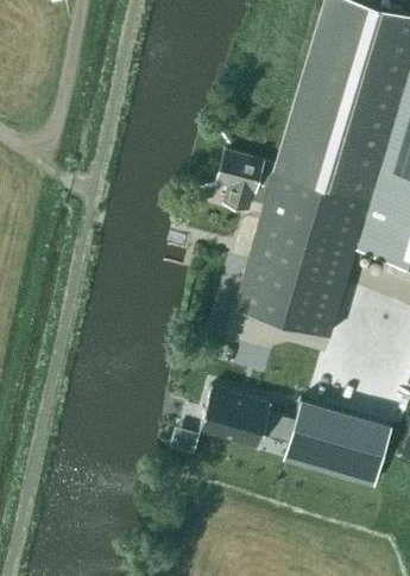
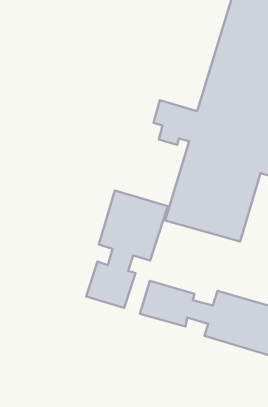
building: none -> [86,190,168,308]

